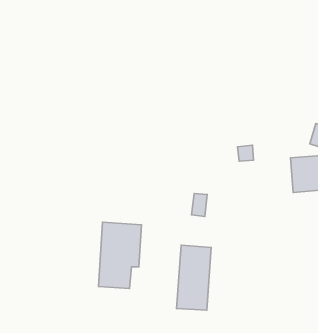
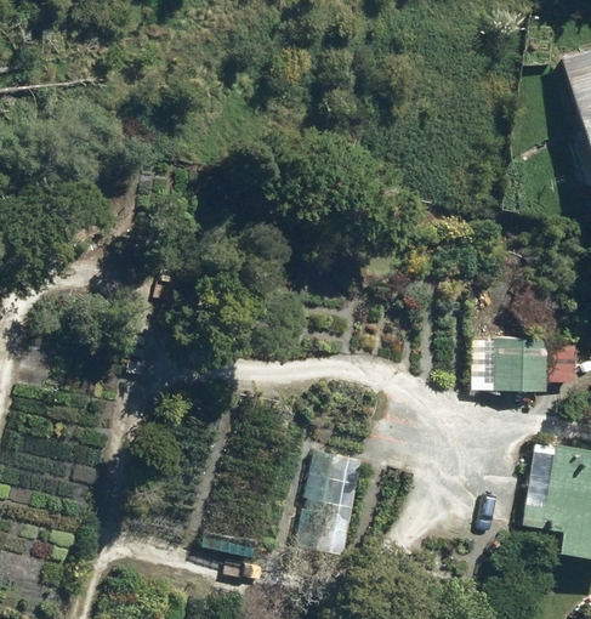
building: [98,222,142,288] -> none

